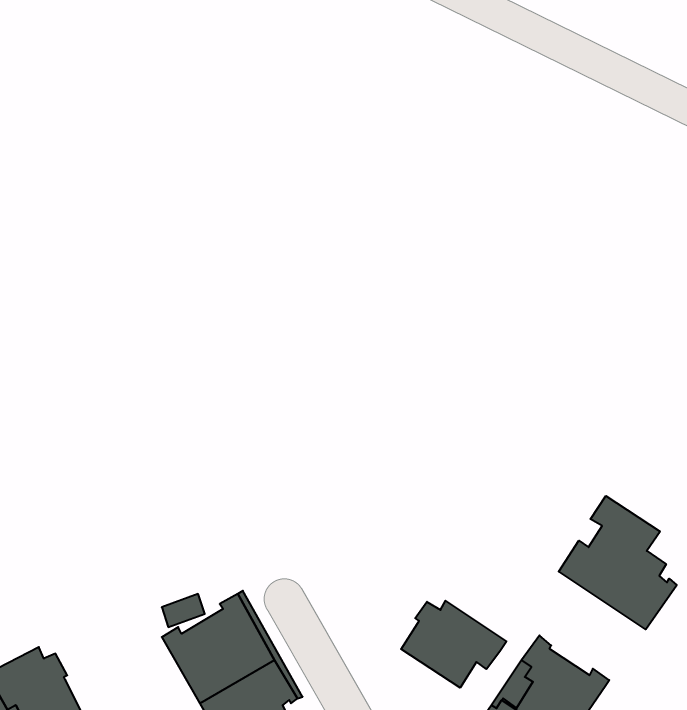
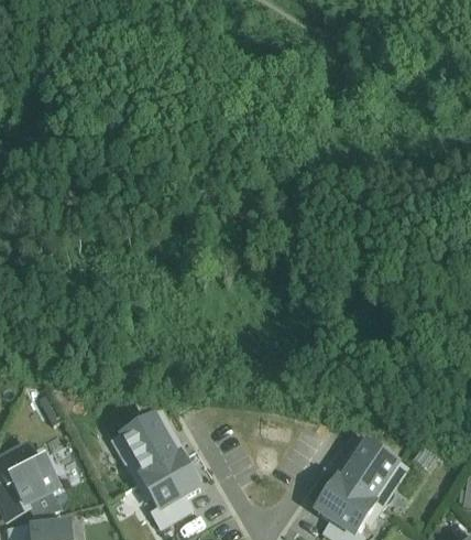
building: [559,496,677,629] -> none
building: [401,601,506,688] -> none

